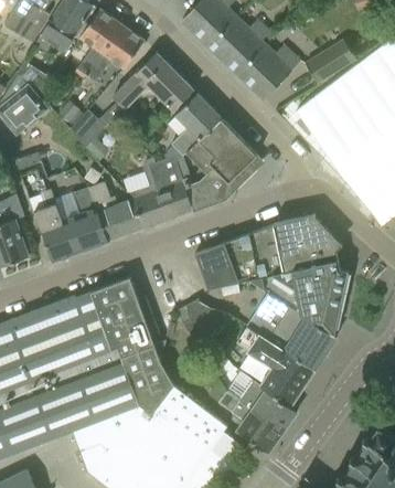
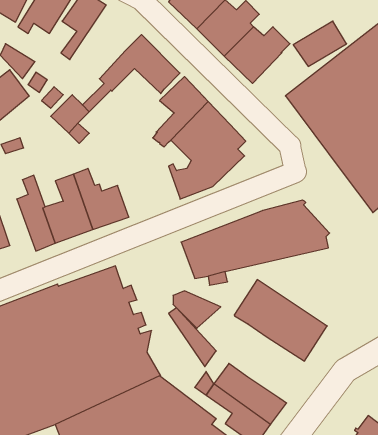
building: [86,23,145,83] -> none
building: [130,157,192,230] -> none
building: [252,259,346,335] -> none
building: [237,326,314,406] -> none

